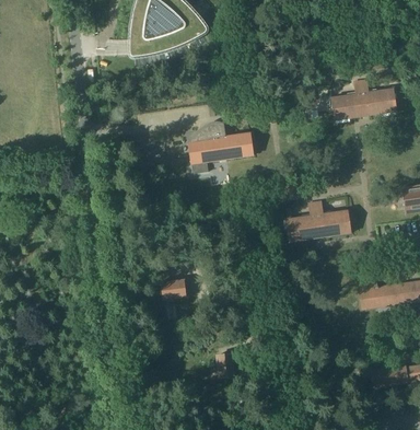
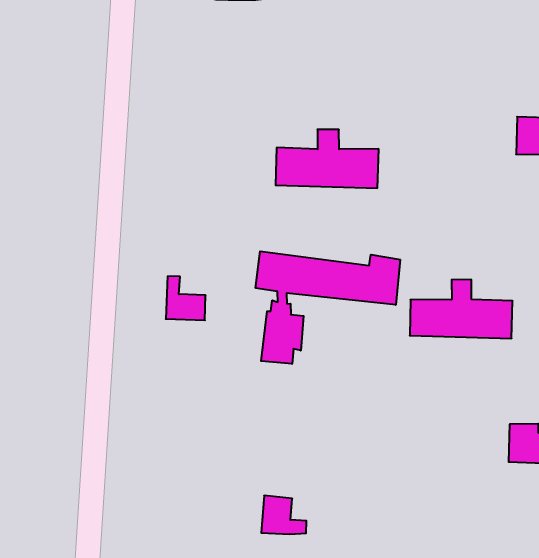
building: none -> [256,251,400,364]
building: [159,271,186,299] -> [166,276,206,320]

